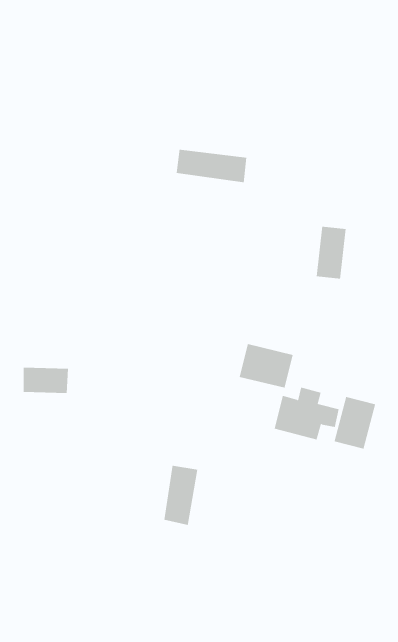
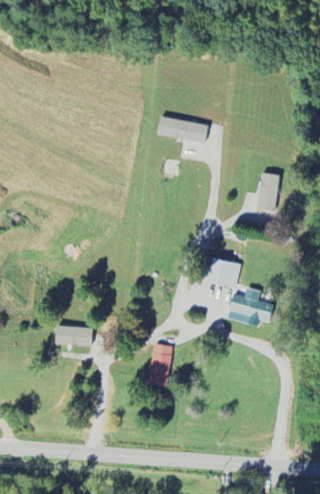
building: [23,367,69,394] -> [55,326,88,345]
building: [334,396,376,450] -> none

